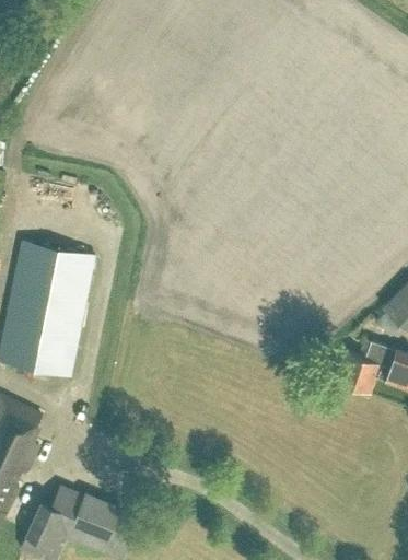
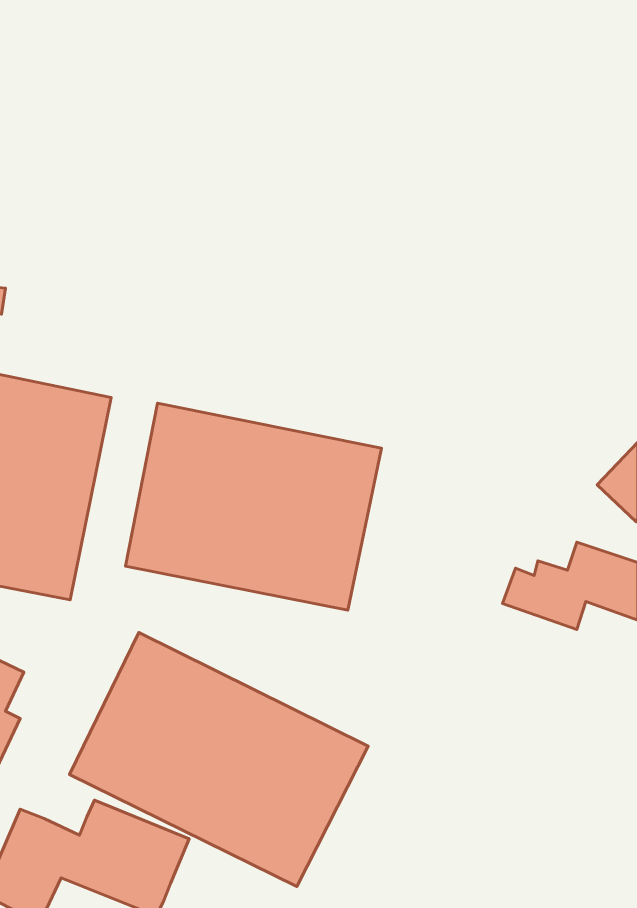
building: none -> [126,403,382,610]
building: none -> [69,633,368,887]

